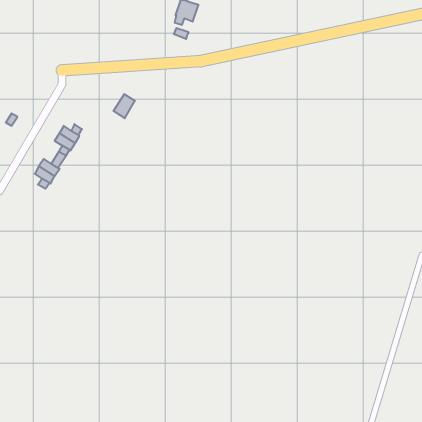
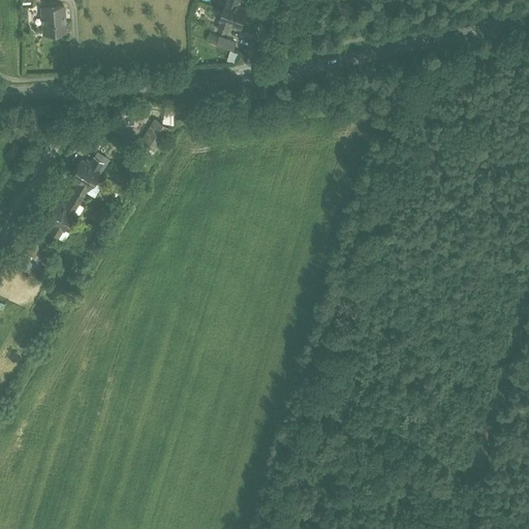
building: none -> [40,5,65,34]

